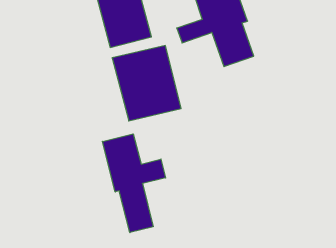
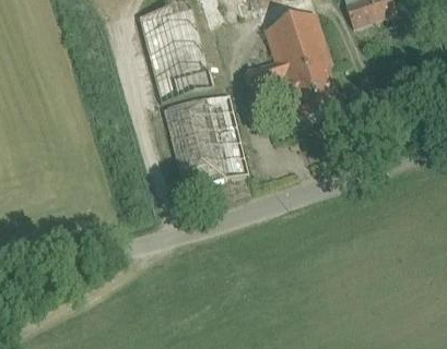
building: [102,134,166,233] -> none

